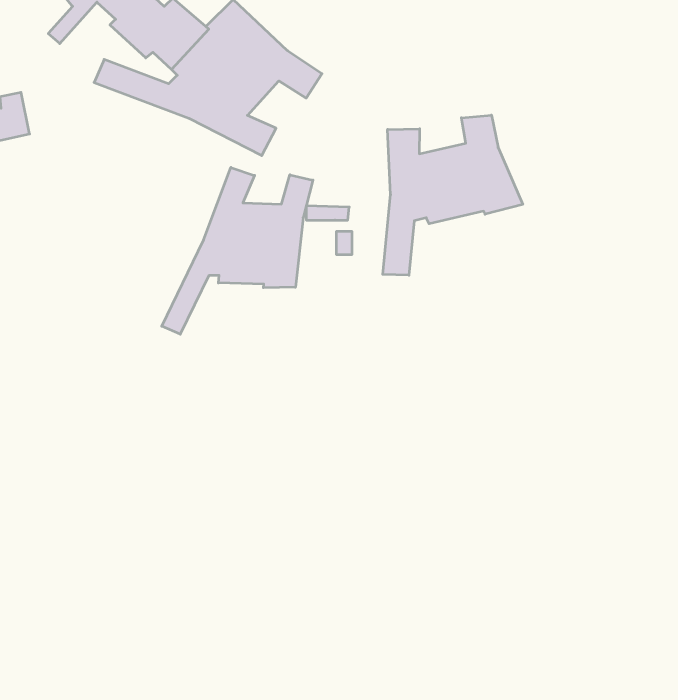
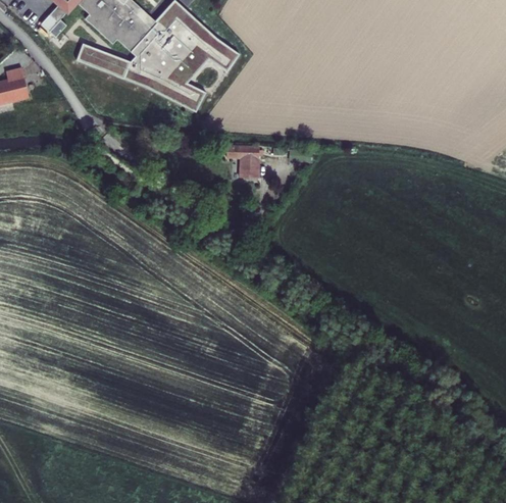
building: [383,115,523,275] -> none
building: [162,167,313,334] -> none

